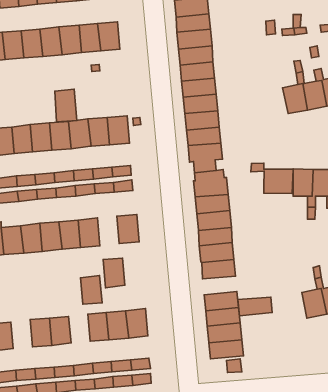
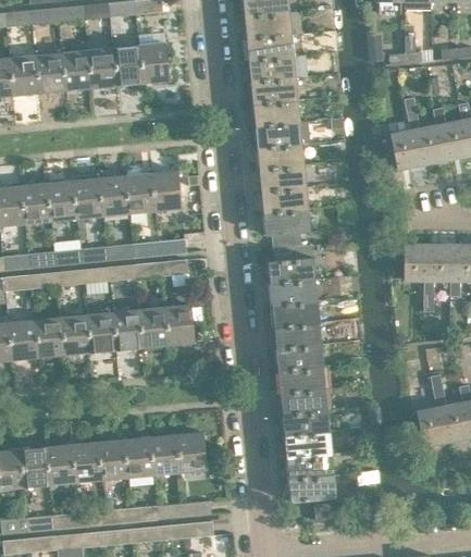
building: [55,89,77,122] -> none
building: [251,163,293,193] -> none
building: [103,258,125,288] -> [139,307,169,347]
building: [80,275,102,304] -> [100,440,129,479]
building: [238,297,272,316] -> [282,388,329,413]
building: none -> [22,447,51,486]

